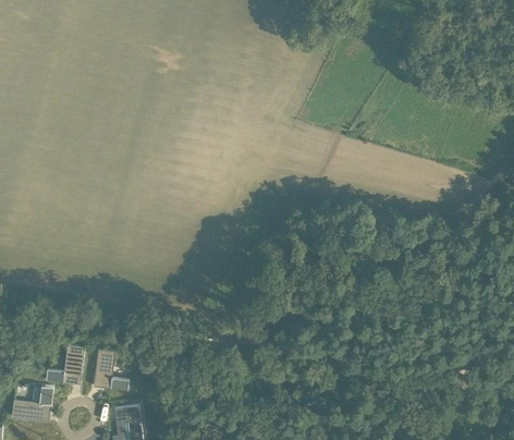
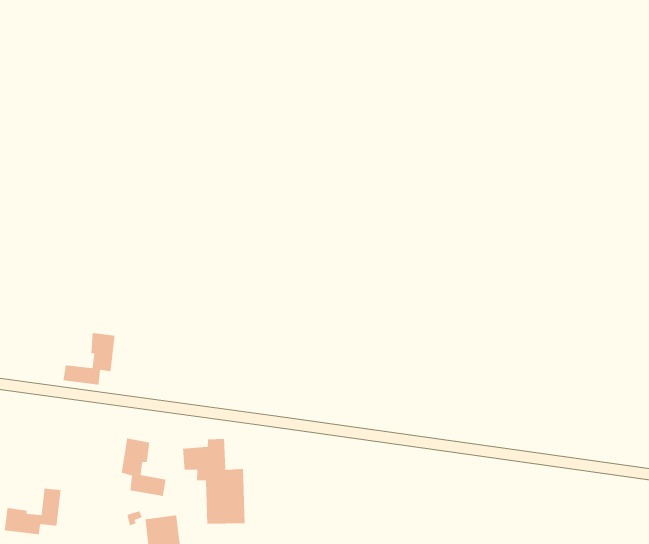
building: [45,344,84,383] -> [62,332,116,385]
building: none -> [182,438,245,525]

